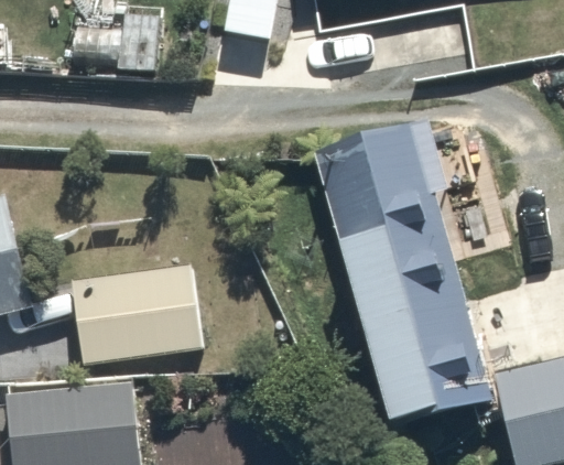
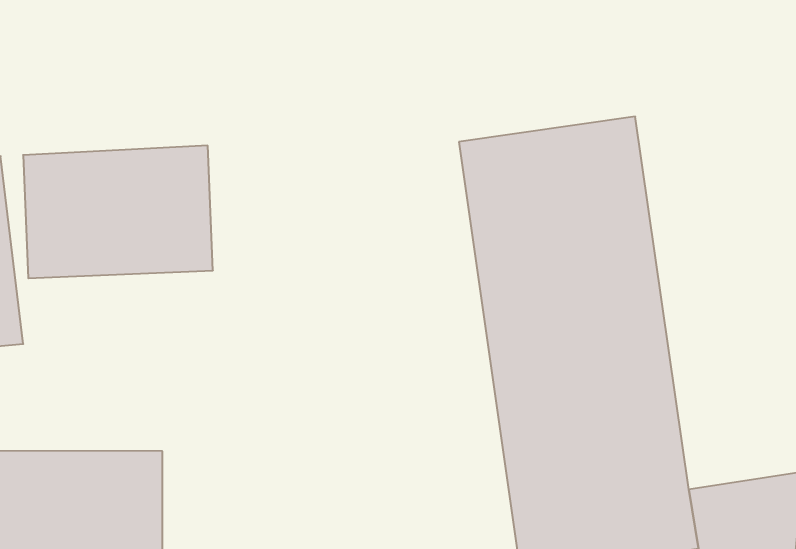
building: [72,264,205,364] -> [23,146,213,278]

